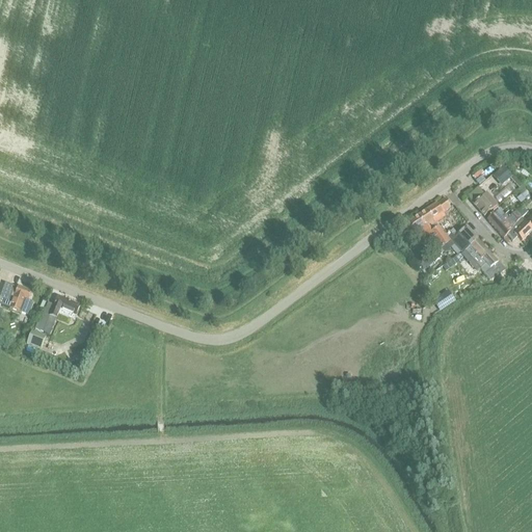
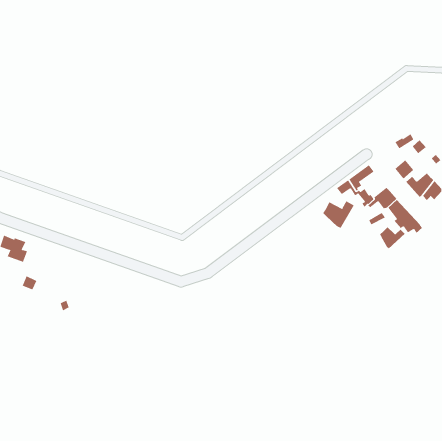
building: none -> [323,200,354,229]
building: none -> [379,226,405,249]
building: [34,295,79,331] -> none

